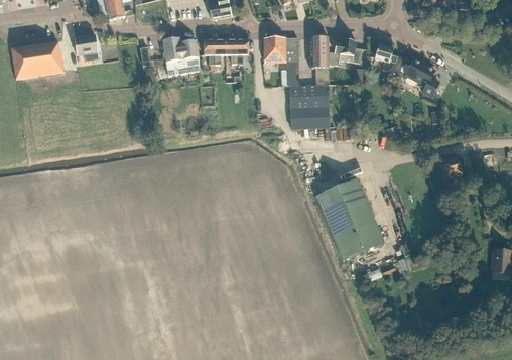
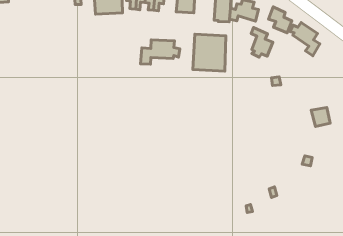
building: none -> [251,27,273,57]
building: none -> [140,40,180,64]
building: [316,179,384,262] -> none

